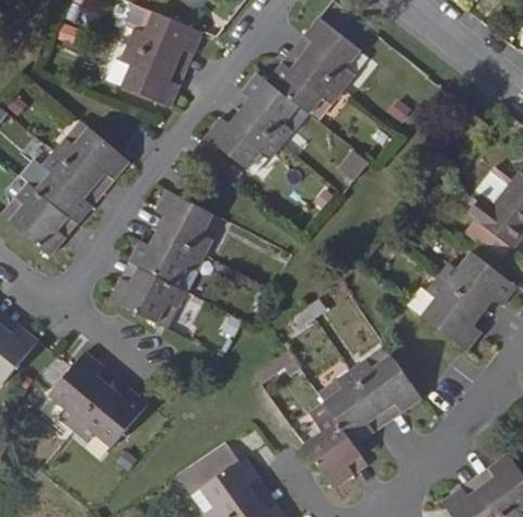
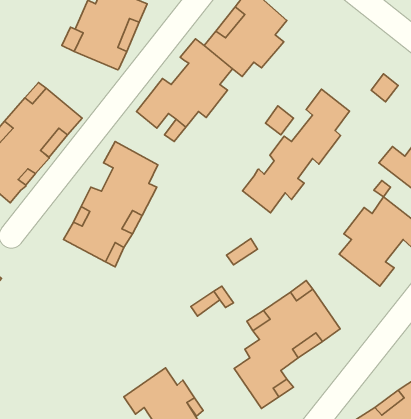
building: none -> [242,89,350,213]
building: [47,351,149,449] -> none

